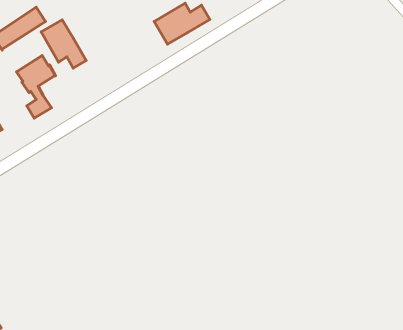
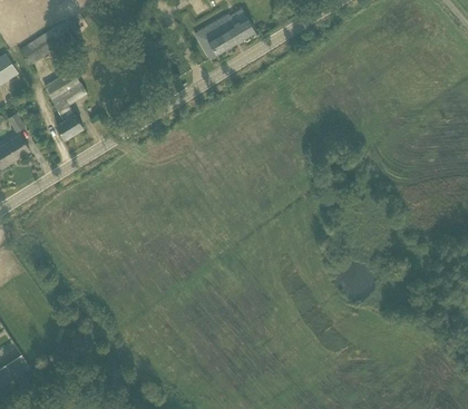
building: [41,20,86,68] -> none

